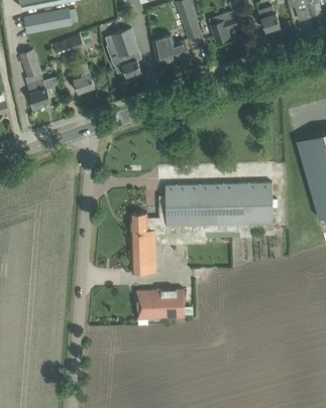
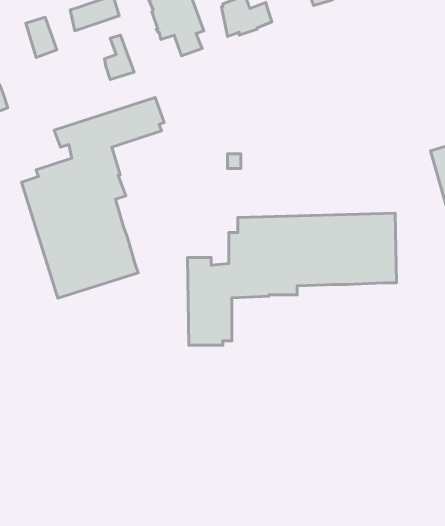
building: [26,80,56,111] -> none
building: none -> [21,98,164,298]
building: [136,290,184,319] -> none

